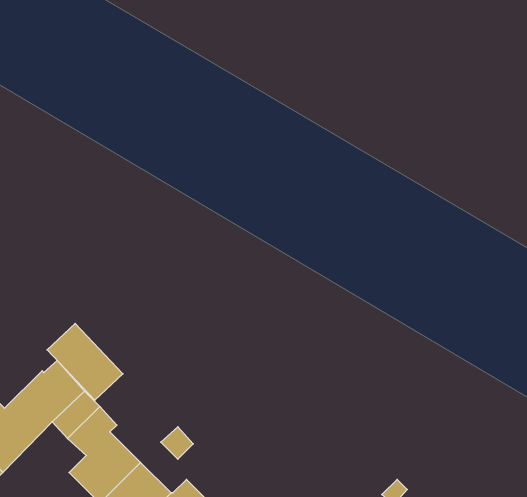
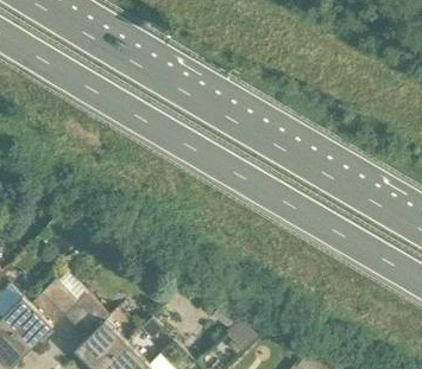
building: [47,324,123,400] -> none

